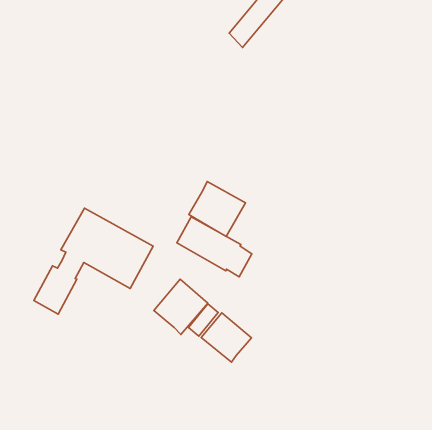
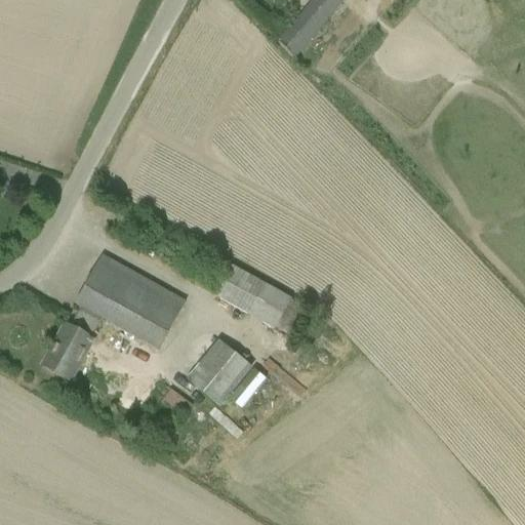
building: [189,181,245,236] -> none
building: [201,313,251,362] -> none

